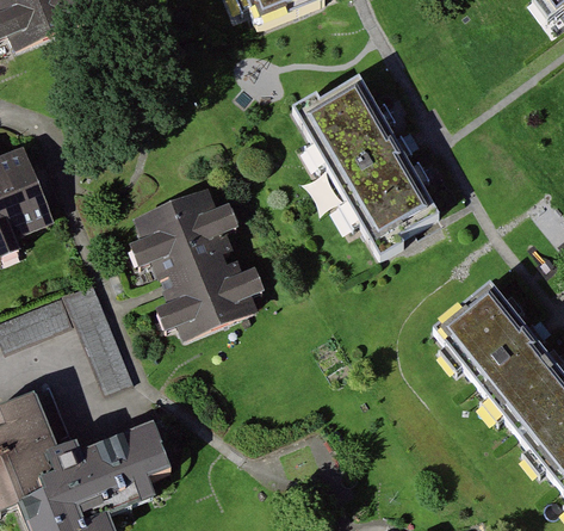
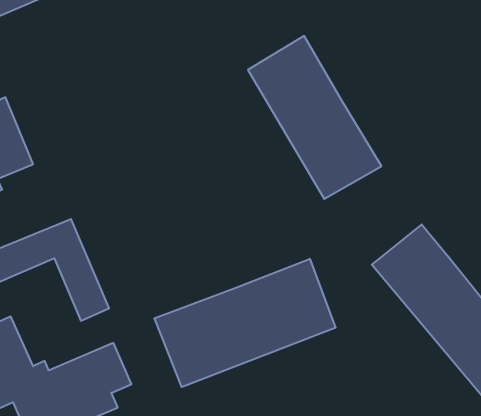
building: [122,184,268,338] -> none
building: none -> [154,259,336,387]

